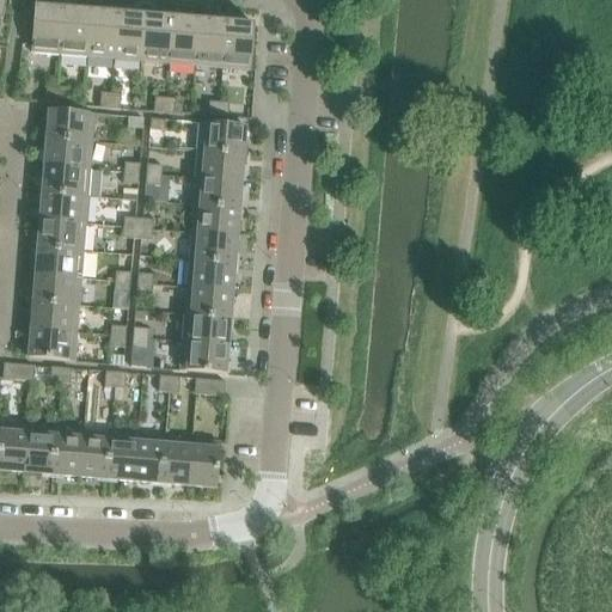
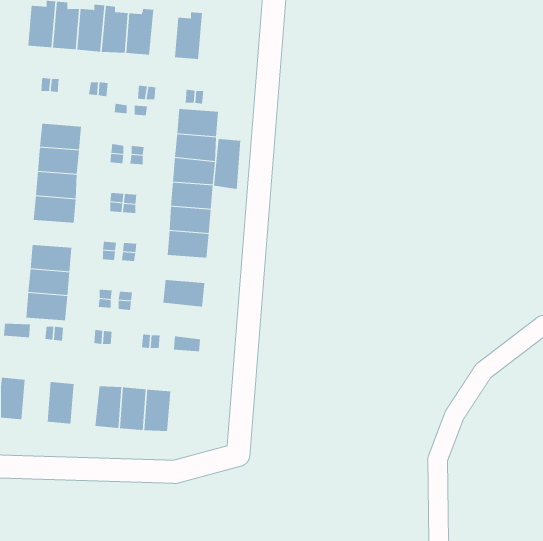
building: [169,11,200,65] -> none
building: [224,14,255,69] -> none
building: [47,110,94,142] -> none
building: none -> [213,138,241,190]
building: [36,247,84,279] -> none
building: [185,287,233,318] -> none
building: [180,341,228,374] -> none
building: [25,427,56,475] -> none
building: [80,432,111,479] -> none
building: [189,440,221,488] -> none

